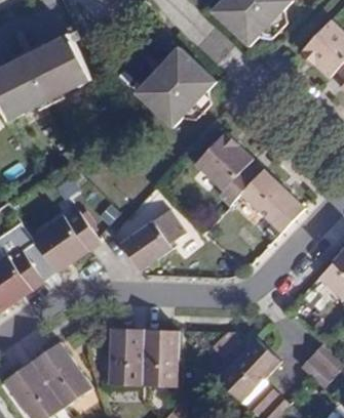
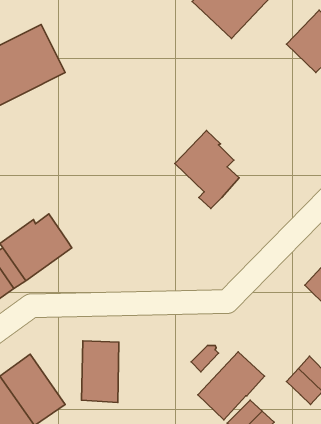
building: [135,47,215,128] -> none
building: [239,170,303,233] -> none
building: [118,208,186,271] -> none
building: [142,330,178,387] -> none

